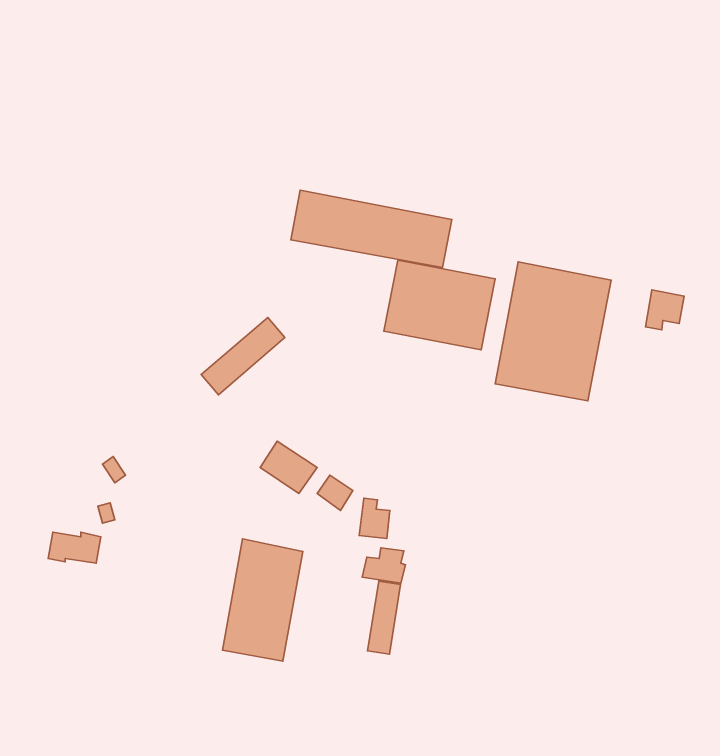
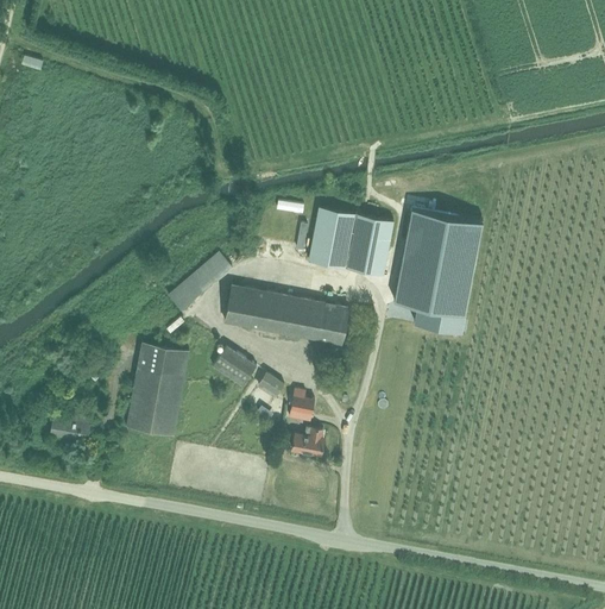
building: [291,190,452,268] -> [225,285,348,345]
building: [646,290,684,330] -> none
building: [222,539,303,661] -> [127,341,189,435]
building: [368,581,401,654] -> none

